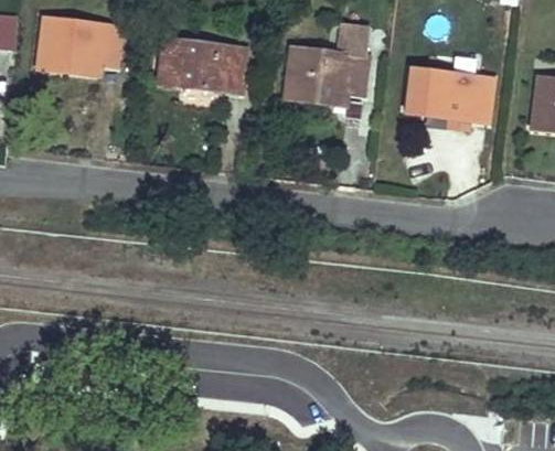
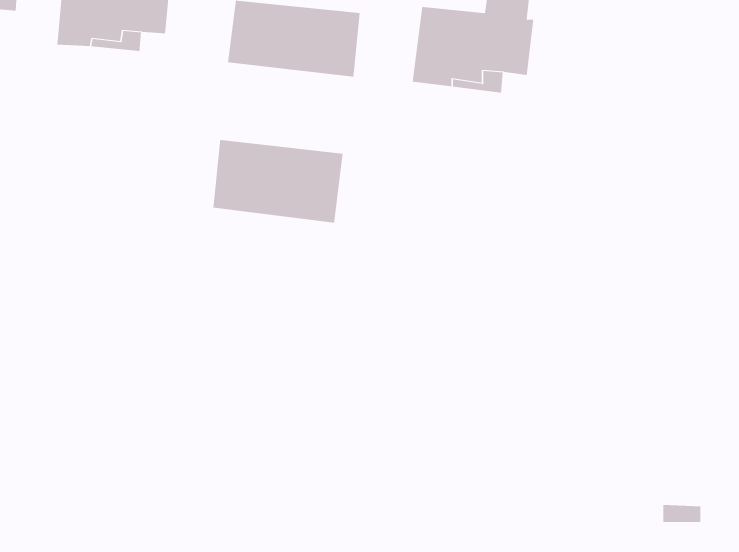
building: [406,66,493,121] -> none
building: none -> [213,139,343,224]

